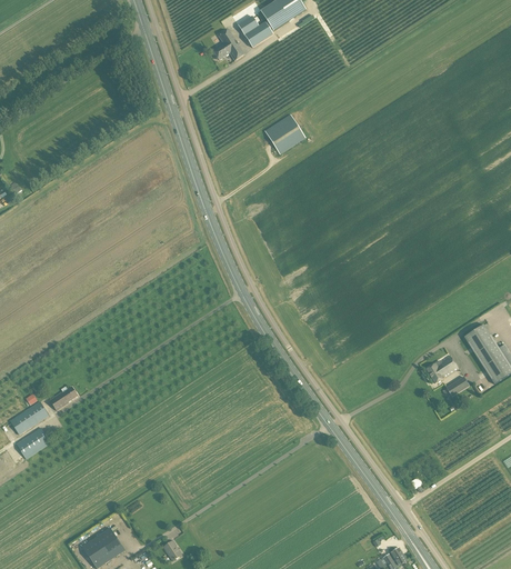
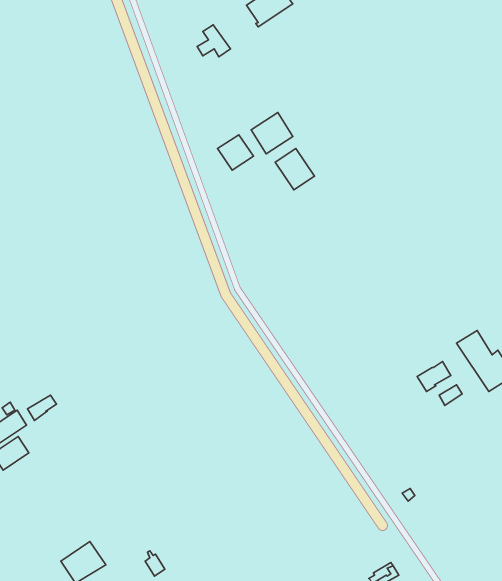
building: [237,16,272,47] -> none
building: none -> [217,135,253,170]
building: none -> [275,149,315,190]

